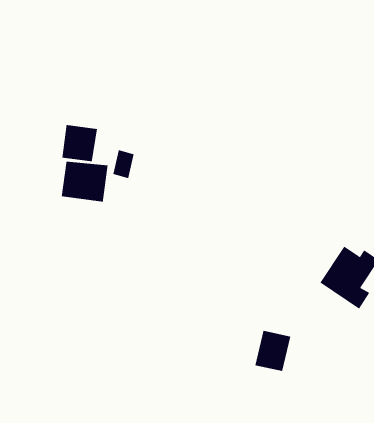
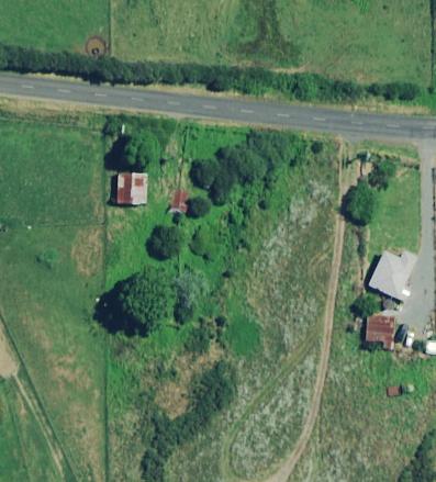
building: [61,161,108,202] -> none
building: [255,330,291,372] -> [364,314,393,349]

